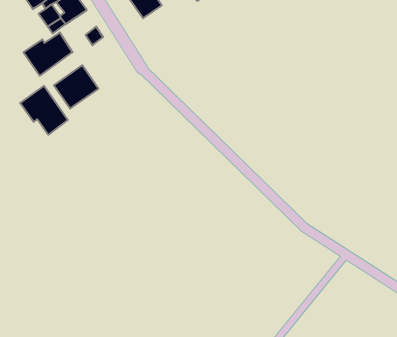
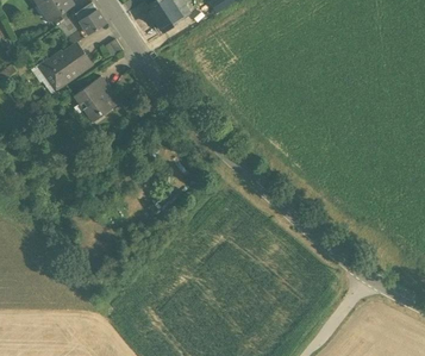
building: [20,86,68,135] -> none

